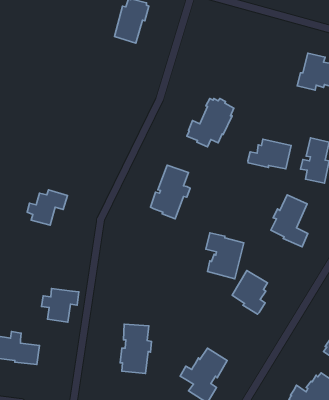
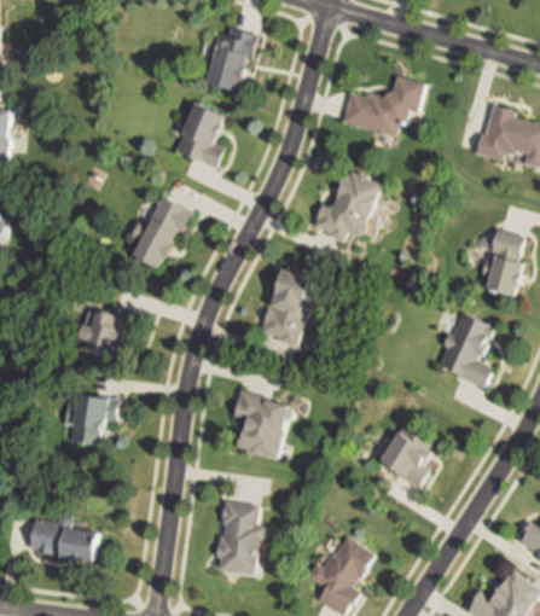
building: none -> [343,75,426,135]
building: none -> [174,101,225,167]
building: none -> [127,194,191,267]
building: [248,139,291,169] -> none
building: [206,233,244,279] -> [234,390,290,458]
building: [42,289,79,322] -> [63,395,117,444]

